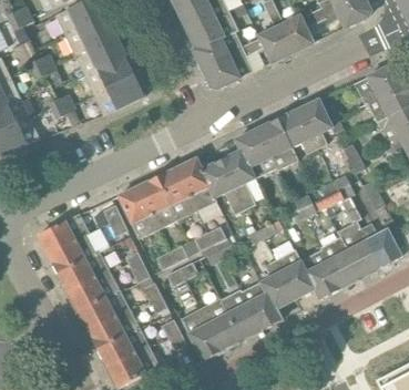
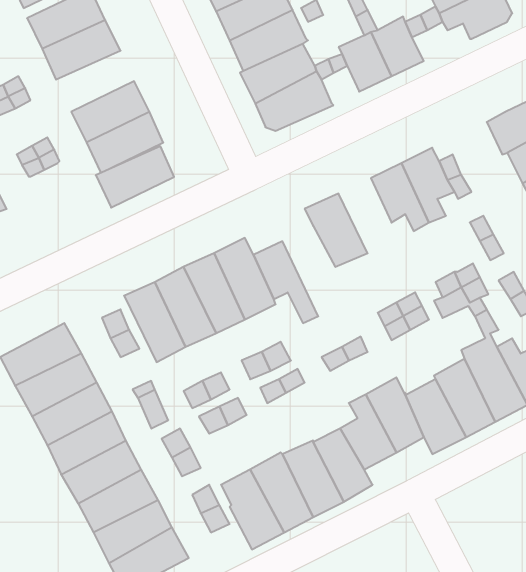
building: [74,35,125,75] -> [96,146,174,208]
building: [258,119,298,170] -> none
building: [222,150,257,208] -> none

